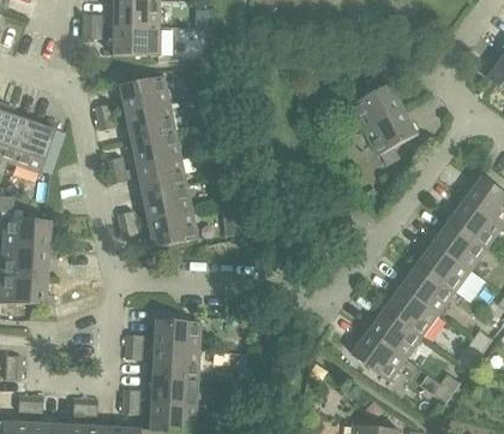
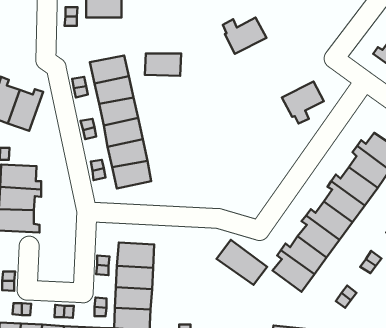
building: [110,26,157,55] -> [145,53,181,76]
building: [348,83,404,130] -> [223,17,267,54]
building: none -> [217,240,267,285]

